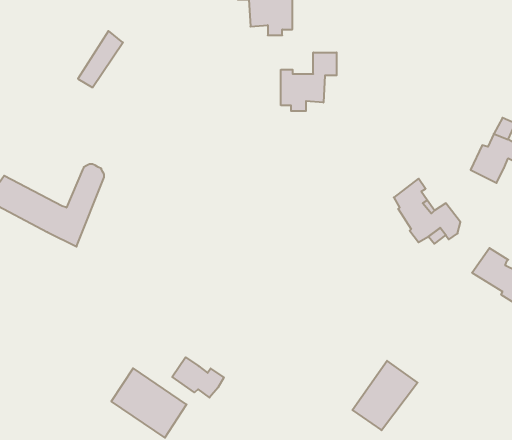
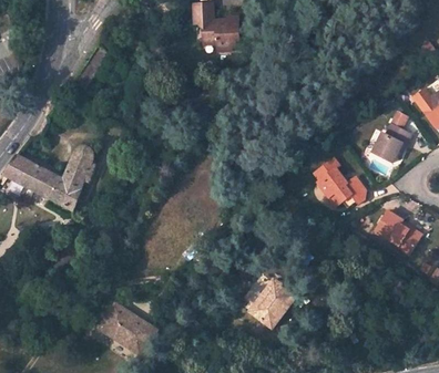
building: [281,52,337,111] -> none
building: [172,357,224,398] -> none
building: [352,361,418,430] -> [253,271,303,324]

